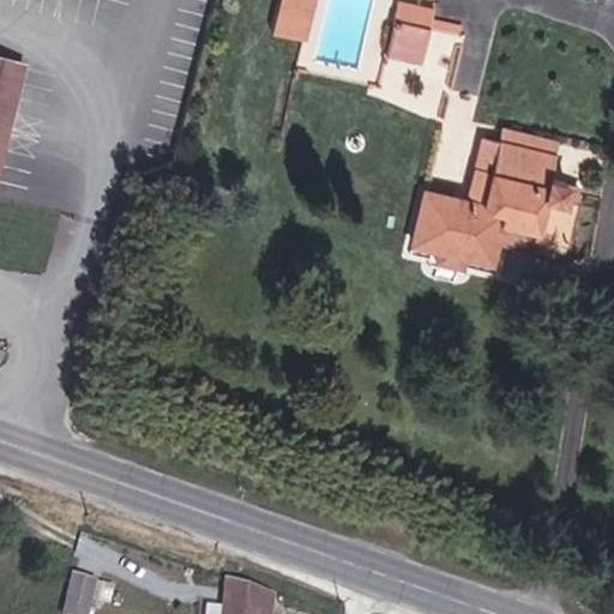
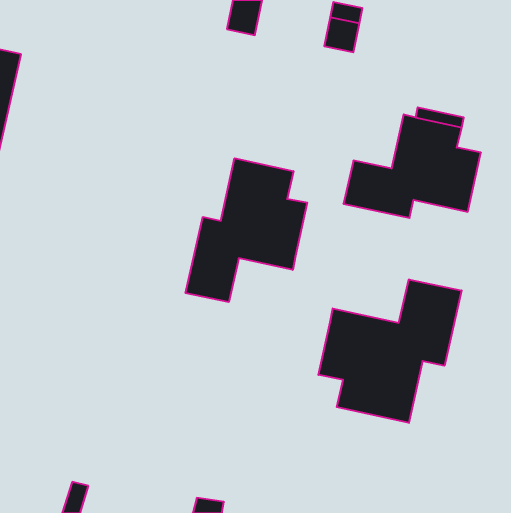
building: none -> [186,158,307,302]
building: none -> [318,279,462,423]

